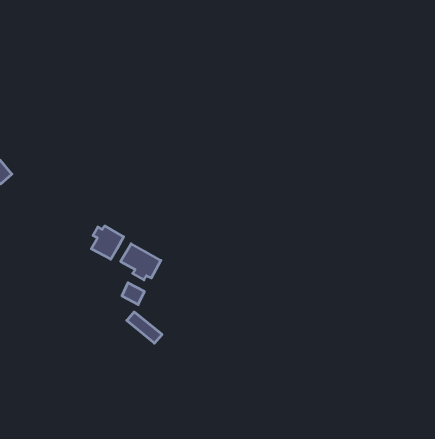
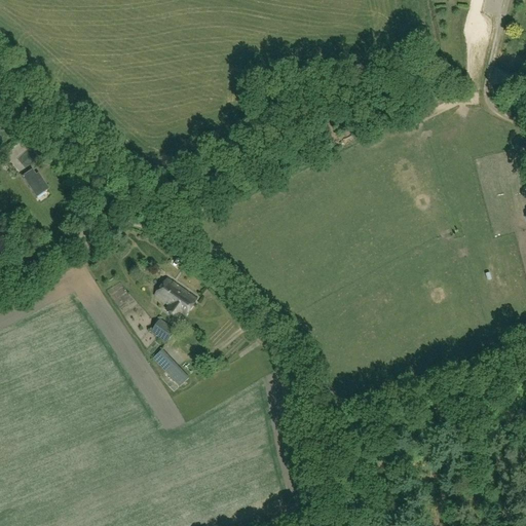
building: [91,226,124,259] -> none

